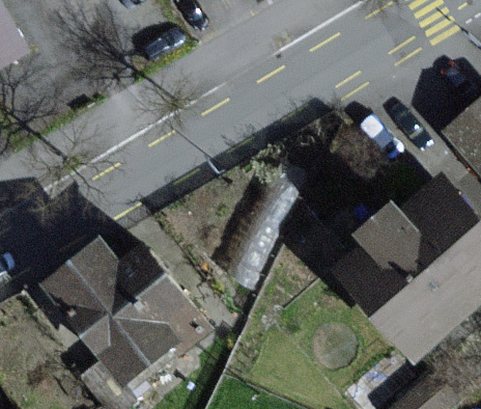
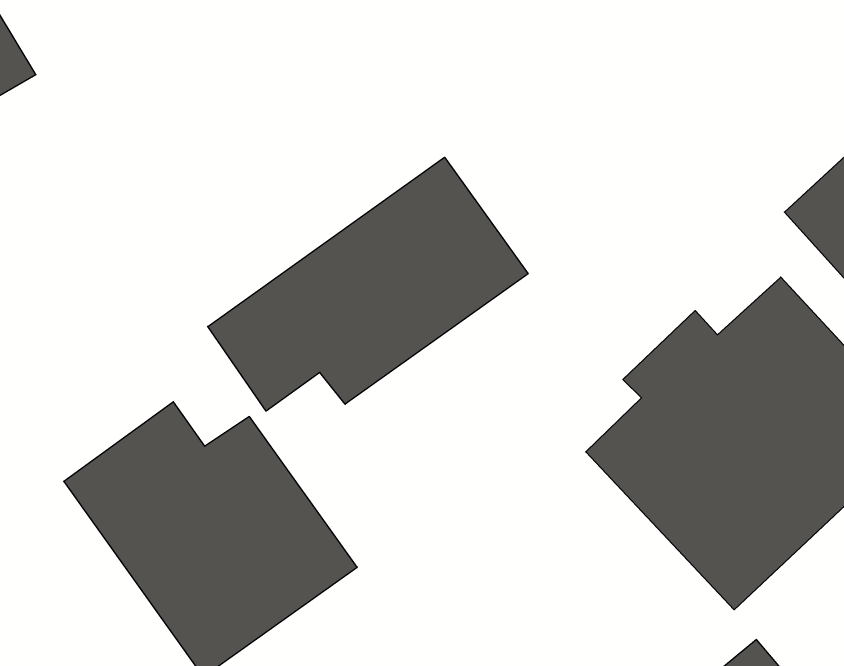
building: none -> [208,157,528,411]

